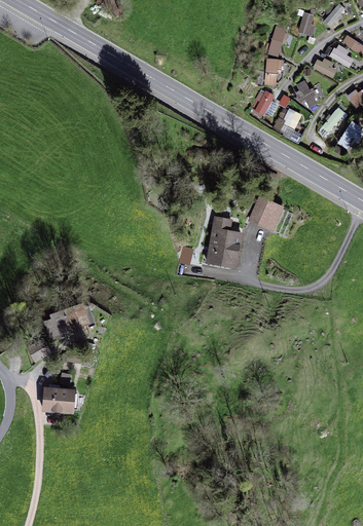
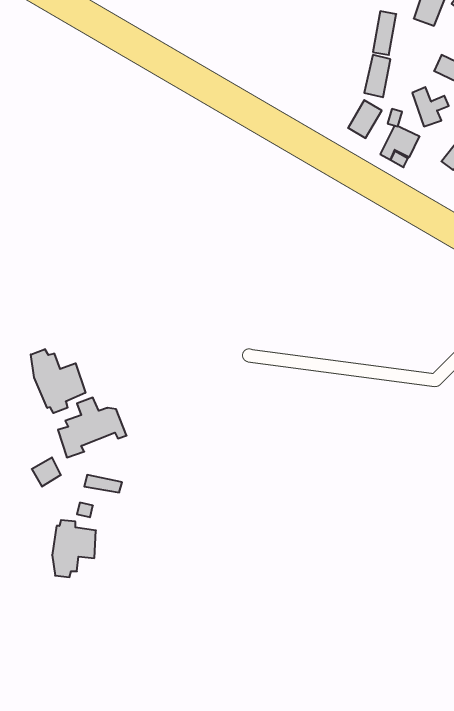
building: [250,198,281,229] -> none
building: [207,218,241,267] -> none
building: none -> [31,349,85,413]

